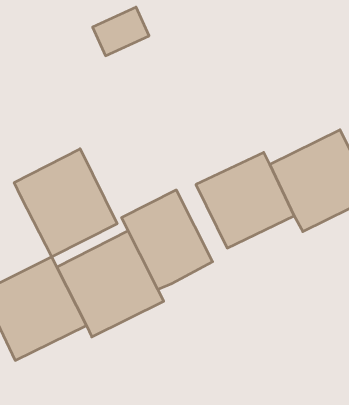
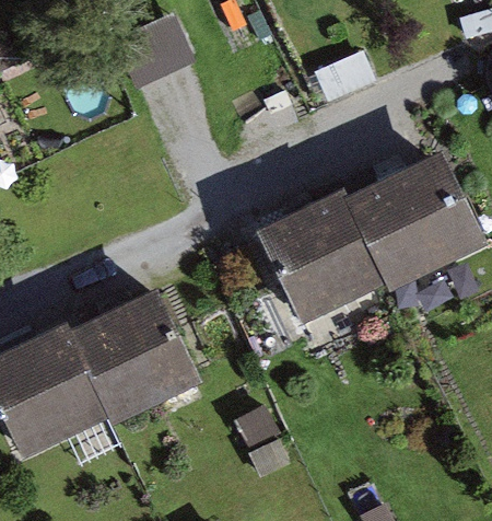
building: [14,149,117,257] -> none
building: [122,190,213,290] -> none

